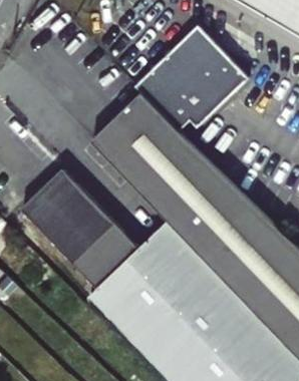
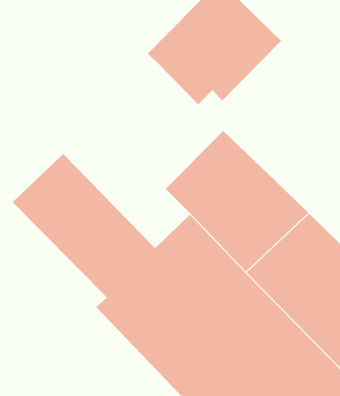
building: [91,92,197,199] -> none

